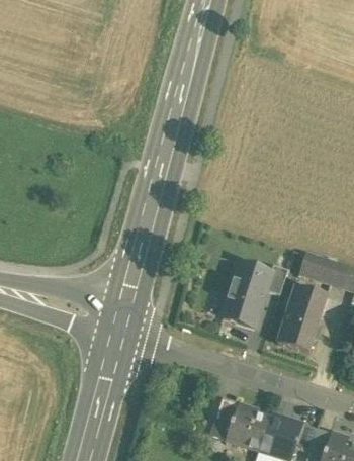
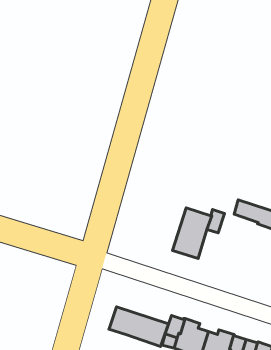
building: [277,285,327,353] -> none
building: none -> [109,307,168,347]

